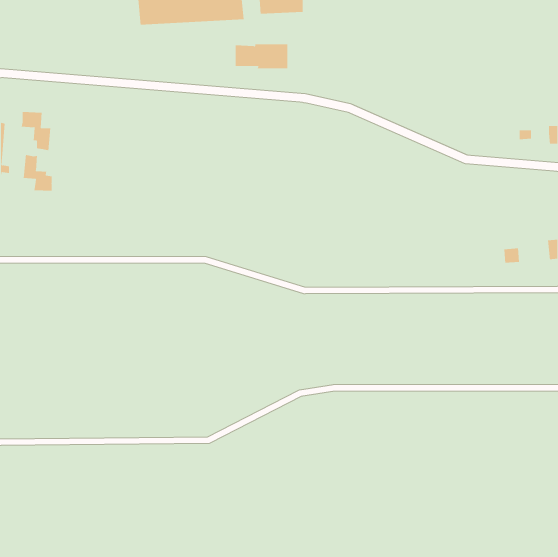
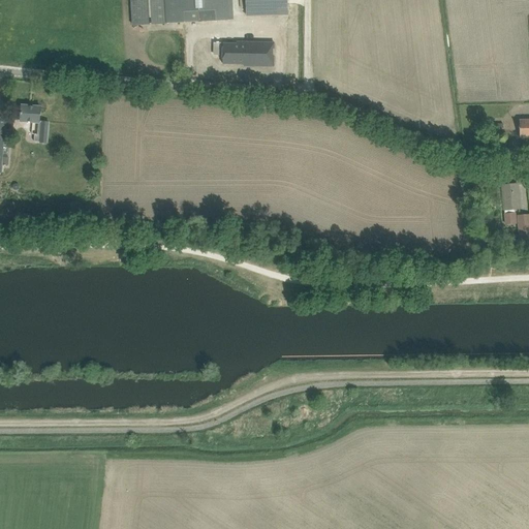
building: [23,154,52,192] -> none
building: none -> [502,183,520,223]

